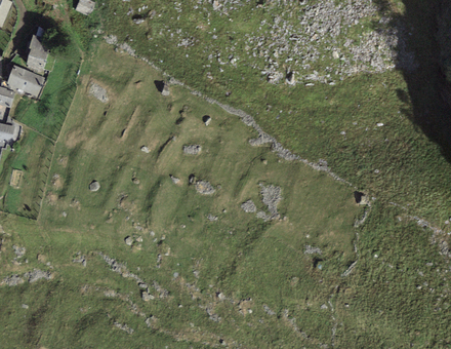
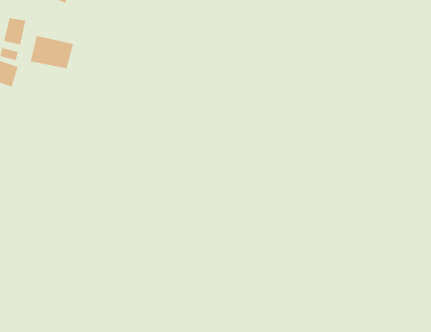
building: none -> [30,35,74,69]

